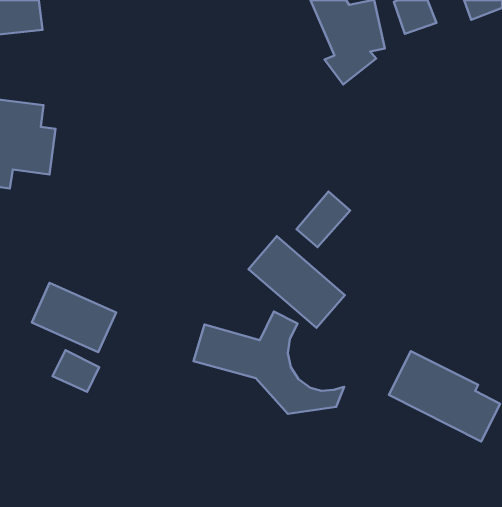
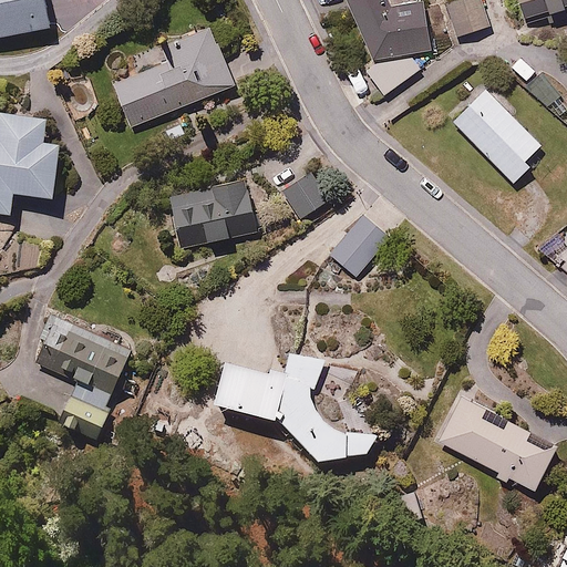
building: none -> [113,22,230,127]
building: none -> [449,84,543,184]
building: none -> [279,169,327,217]
building: none -> [165,176,255,247]
building: [248,236,345,328] -> none

